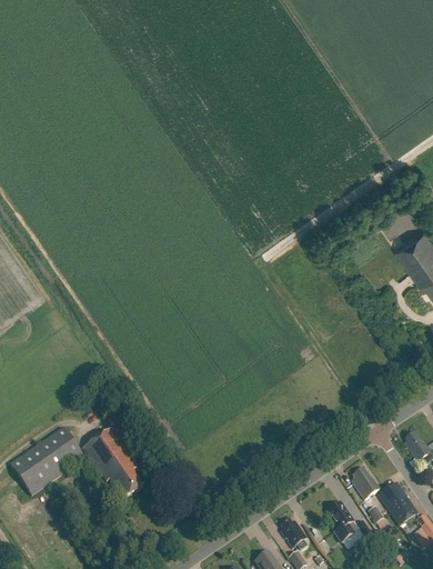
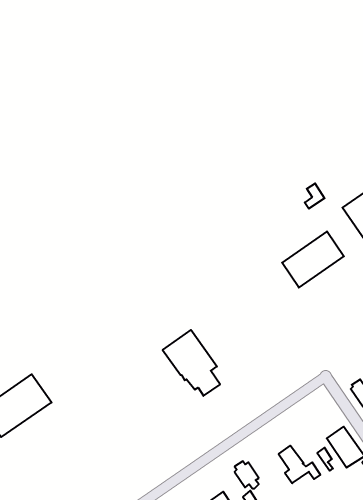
building: none -> [282,231,344,288]
building: [82,427,143,497] -> [163,330,220,396]
building: [350,468,379,499] -> none

